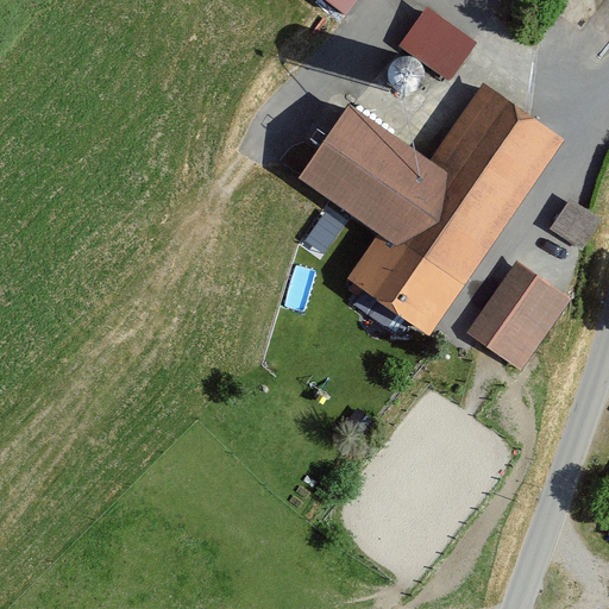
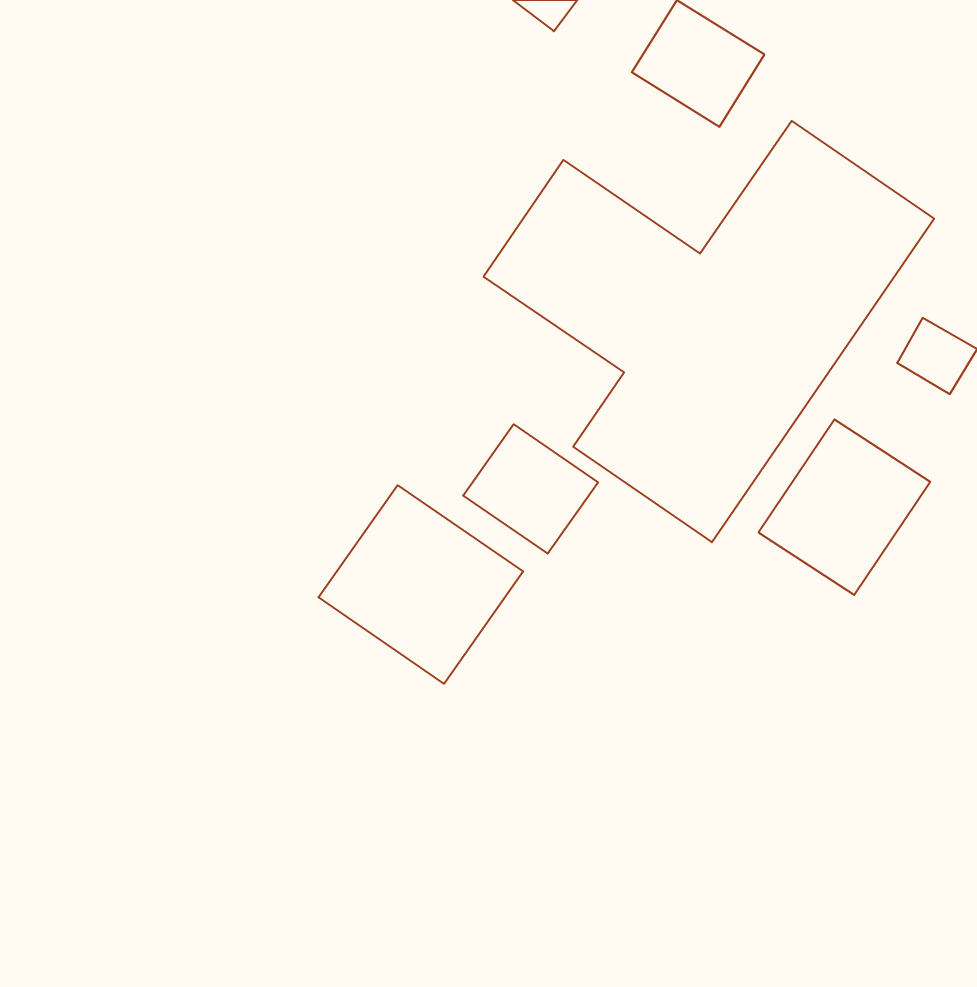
building: none -> [463,424,598,554]
building: none -> [318,485,523,684]

